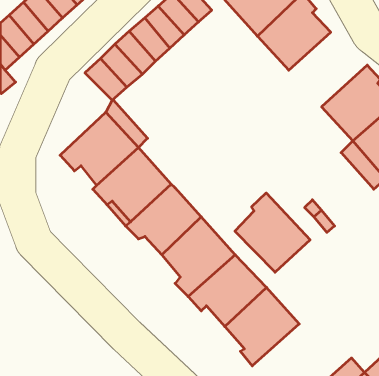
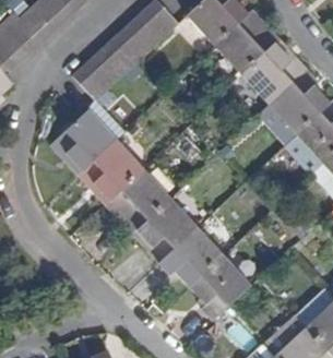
building: none -> [241,41,307,104]
building: [235,193,310,272] -> none

